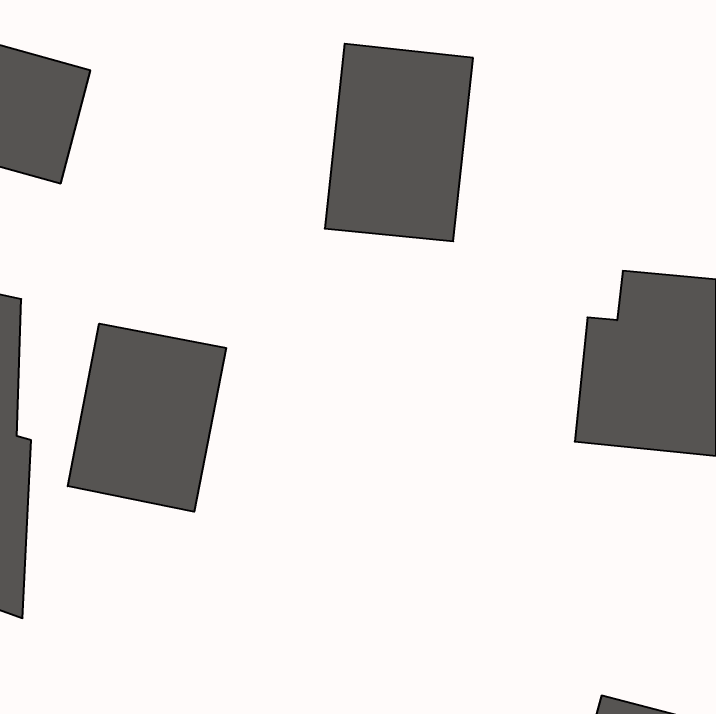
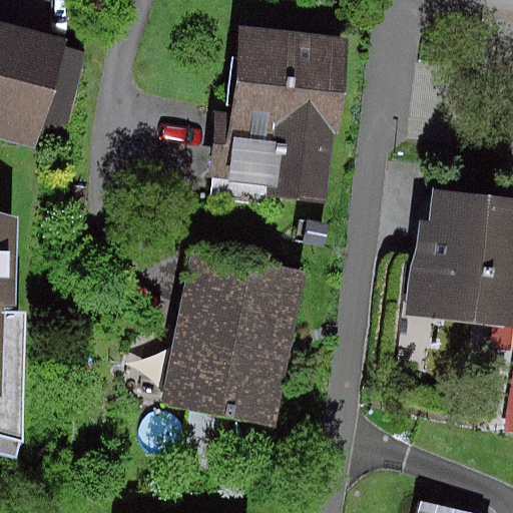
building: [68,324,226,512] -> none
building: none -> [174,255,306,415]

